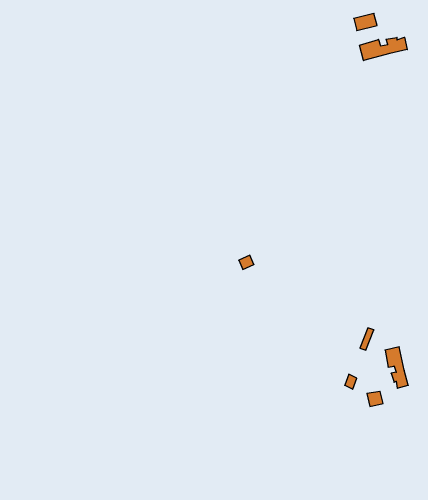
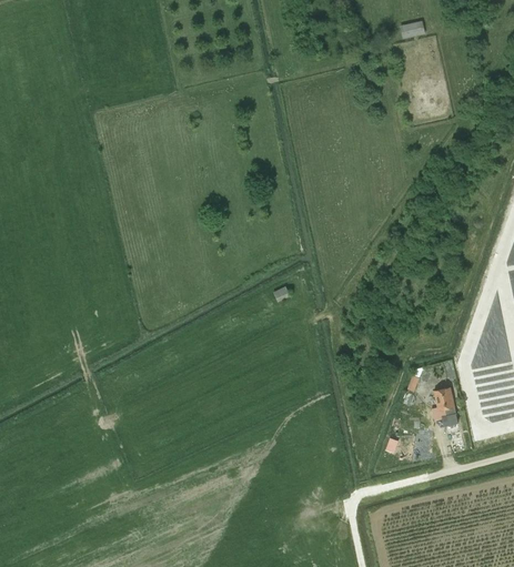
building: [359,37,407,61] -> none

